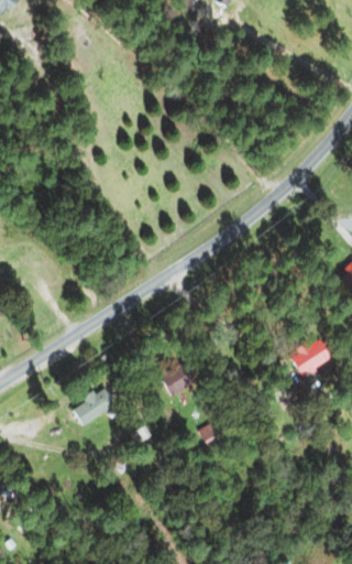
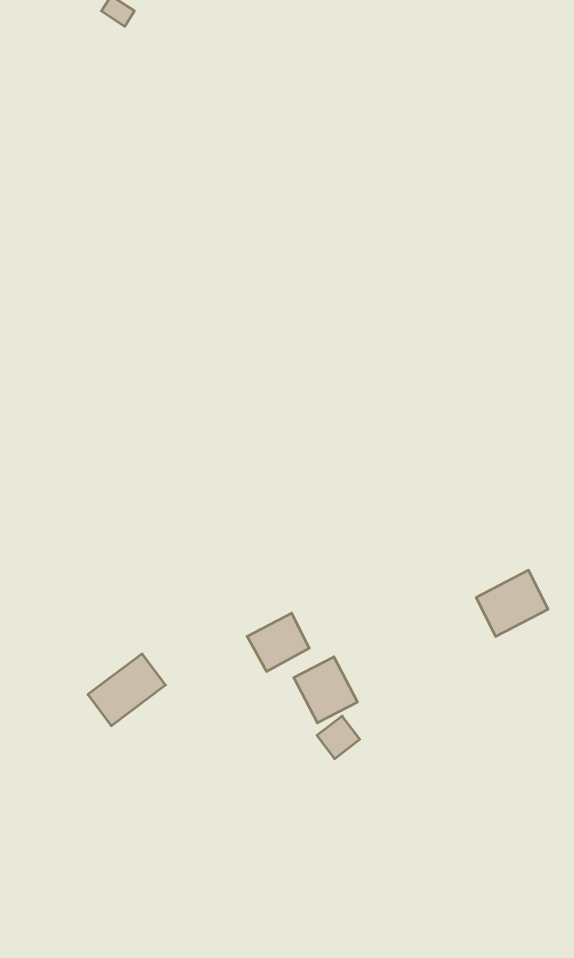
building: none -> [294,657,357,723]

